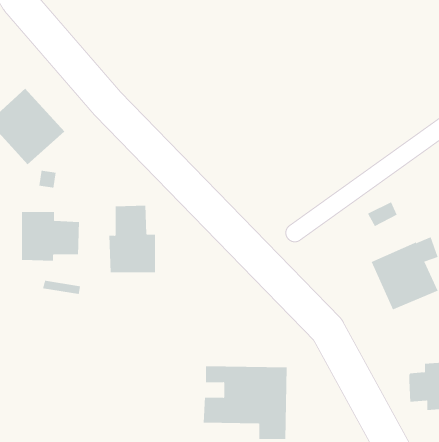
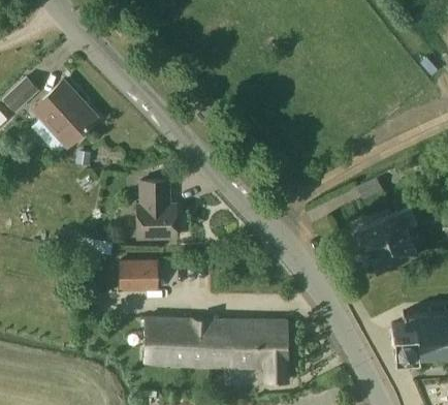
building: [22,211,79,262] -> none
building: none -> [118,261,156,291]
building: none -> [143,316,233,367]

